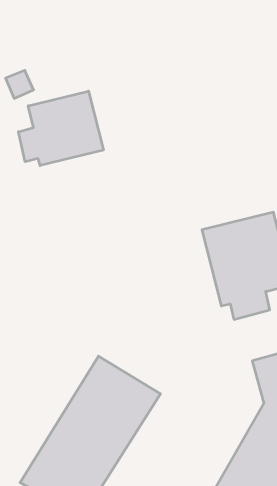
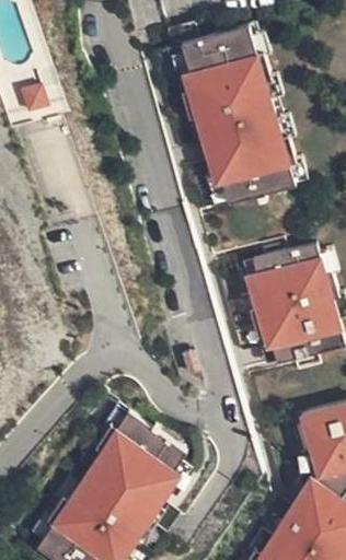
building: none -> [183,26,296,207]
building: [18,91,103,166] -> none

